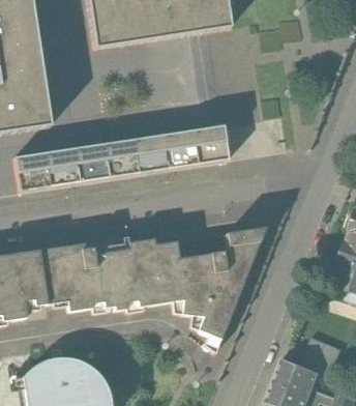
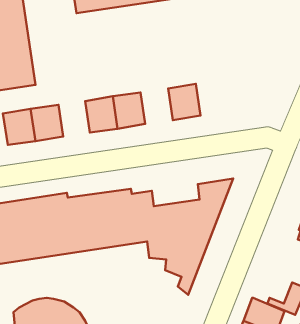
building: [166,128,201,167] -> none
building: [77,142,111,180] -> none

